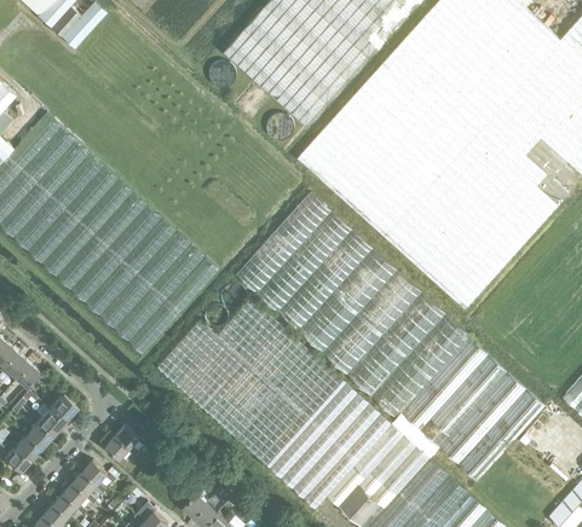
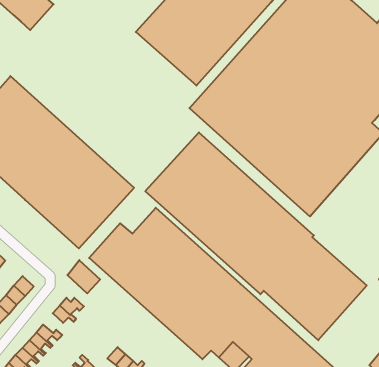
building: none -> [67,260,100,293]

